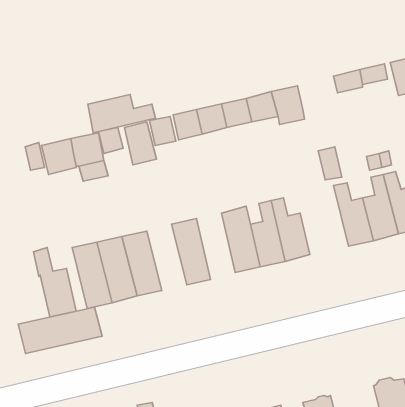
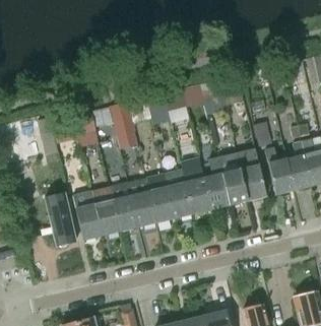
building: [88,94,155,133] -> none
building: none -> [240,152,266,200]
building: none -> [164,170,192,218]
building: none -> [127,178,156,226]
building: [18,307,102,353] -> none

